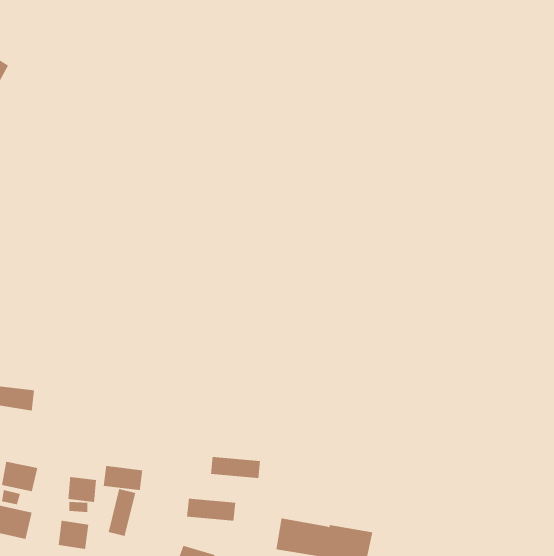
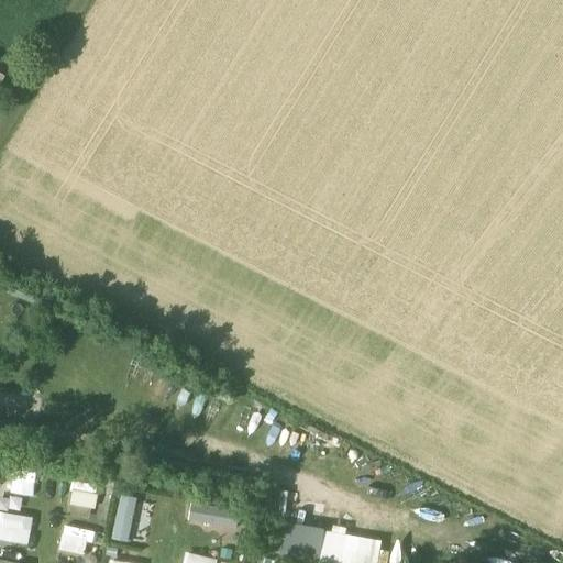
building: [210,456,260,479] -> none
building: [103,465,143,491] -> none

